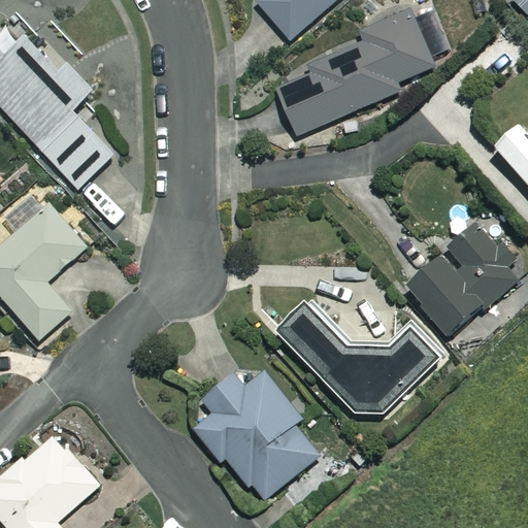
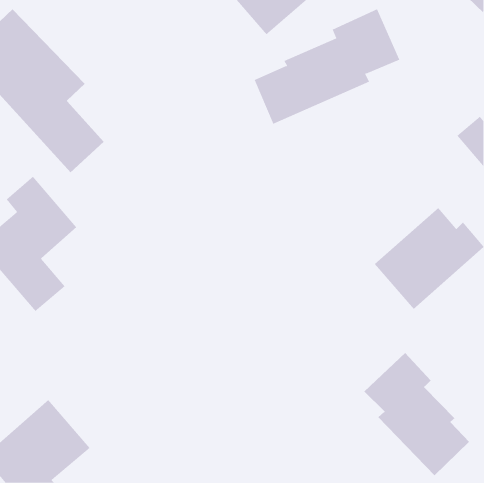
building: [278,304,438,418] -> none
building: [193,368,324,501] -> none
building: none -> [364,352,470,476]

